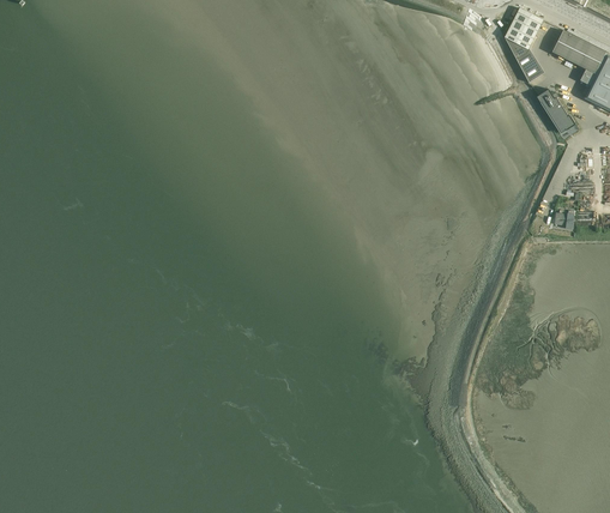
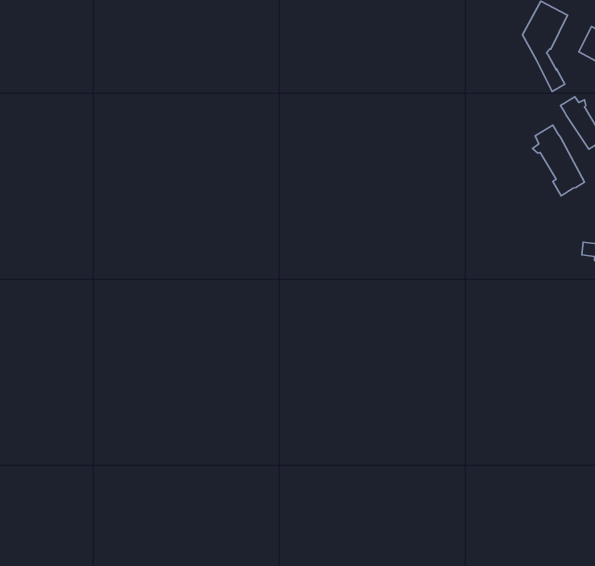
building: none -> [532,125,585,196]

